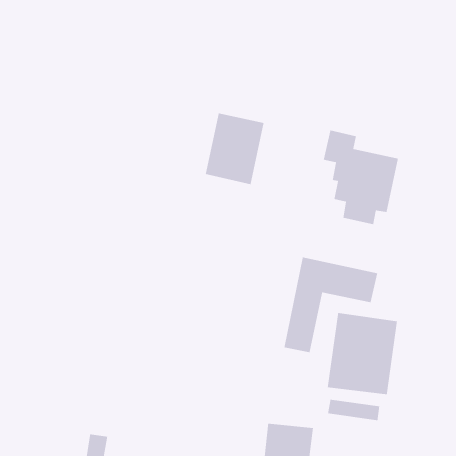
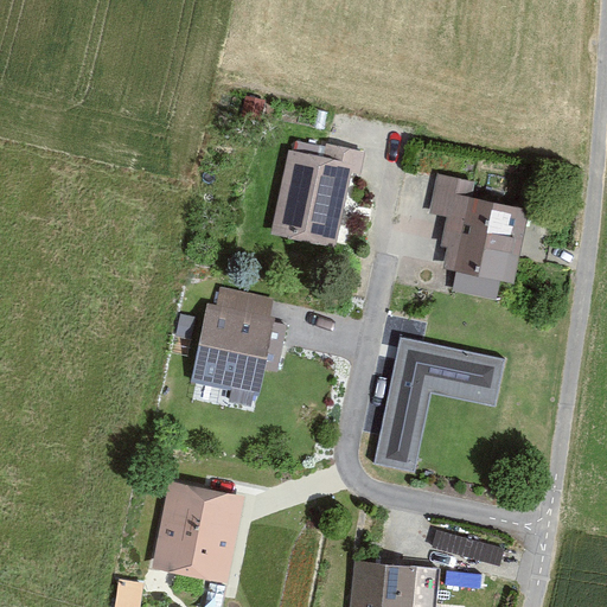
building: none -> [190,281,287,391]
building: [327,312,398,395] -> none
building: none -> [152,481,244,583]

